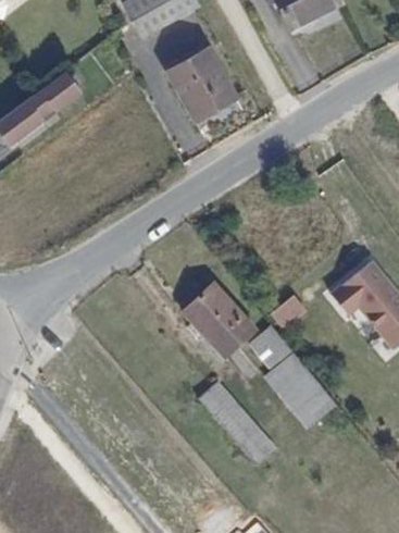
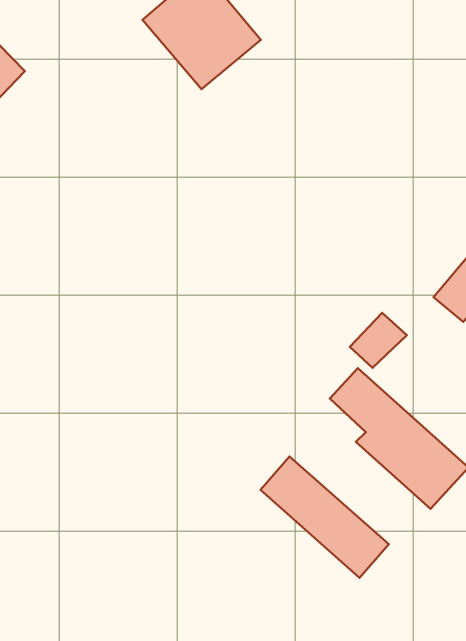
building: [177,280,253,358] -> none

